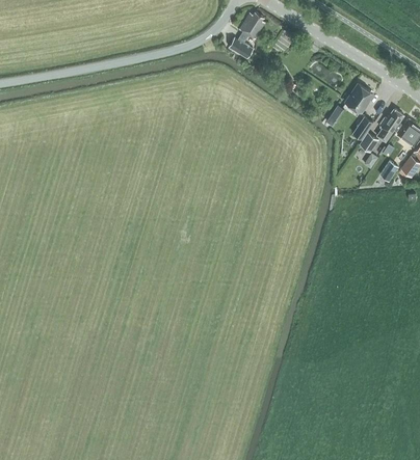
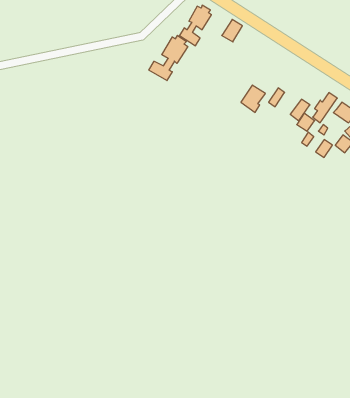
building: none -> [149,35,188,81]
building: [344,84,371,114] -> [241,85,265,112]

